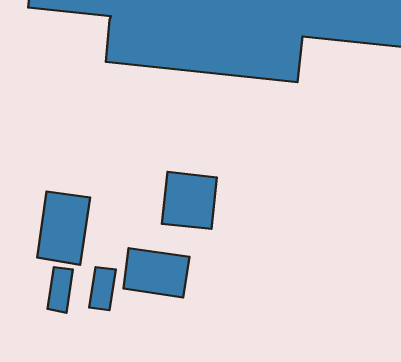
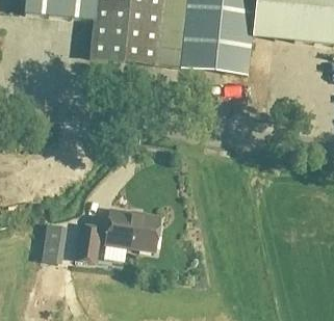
building: [162,172,217,229] -> none
building: [37,191,90,265] -> none

